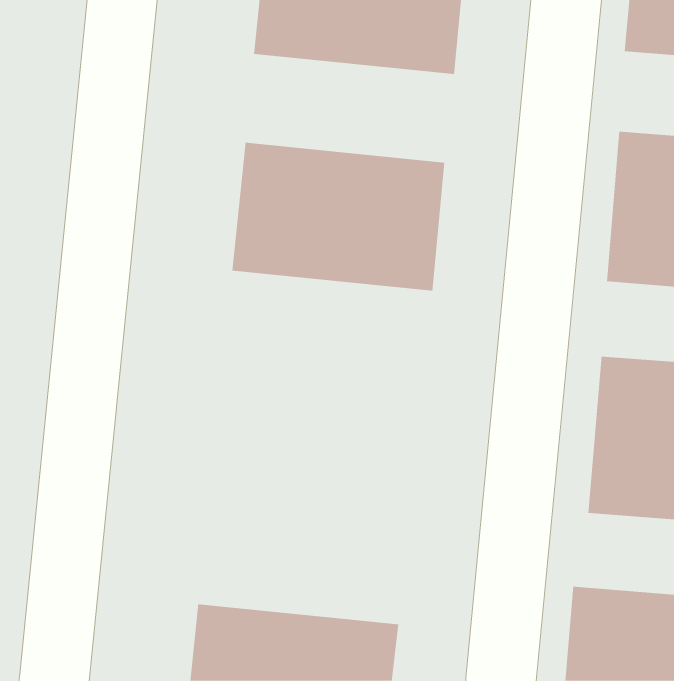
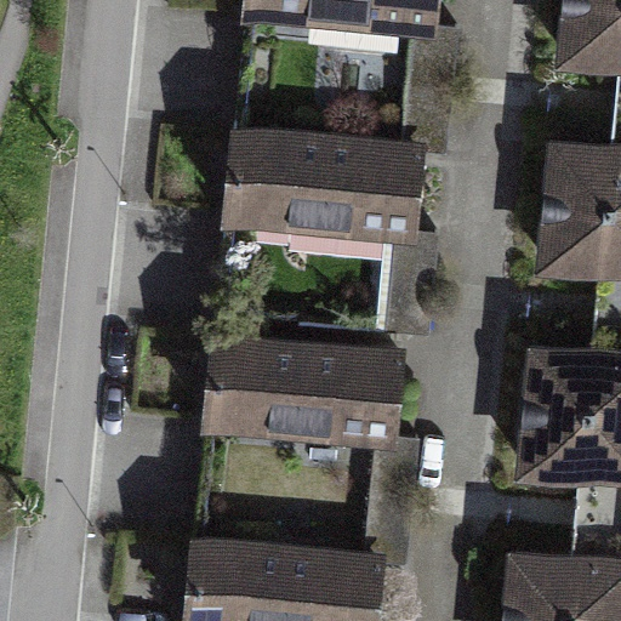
building: none -> [200,341,393,475]

